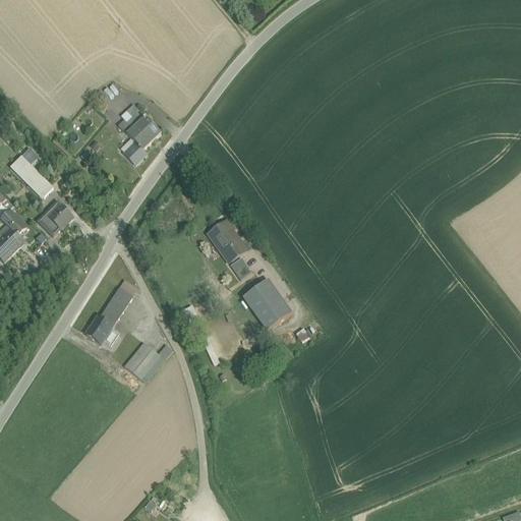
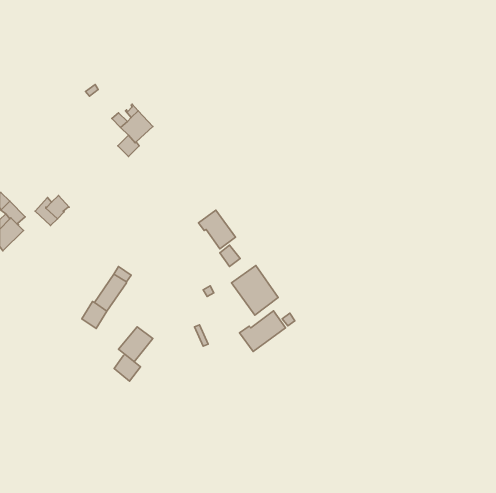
building: [10,156,53,197] -> none
building: none -> [239,311,285,352]
building: none -> [114,354,140,381]

